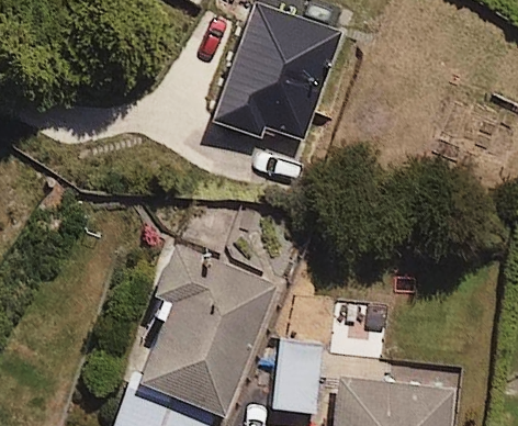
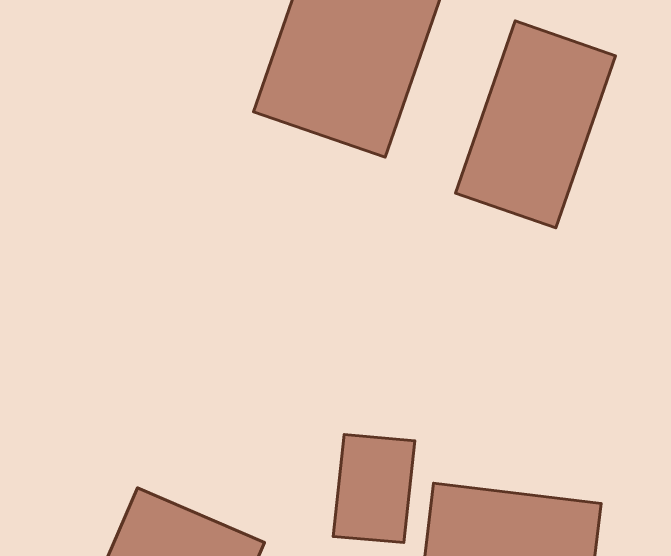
building: none -> [455,21,615,228]
building: [133,246,274,416] -> none

